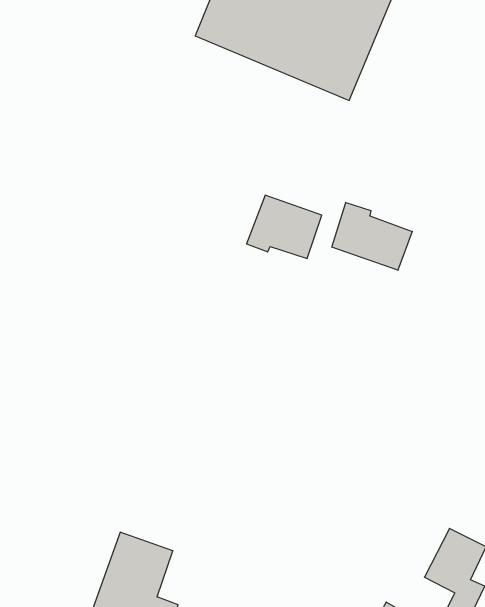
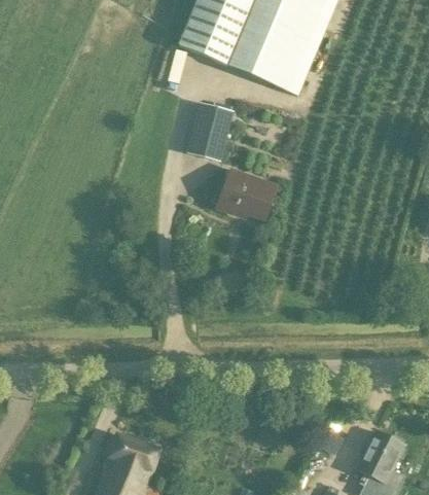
building: none -> [186,102,234,161]
building: [332,202,412,270] -> none

